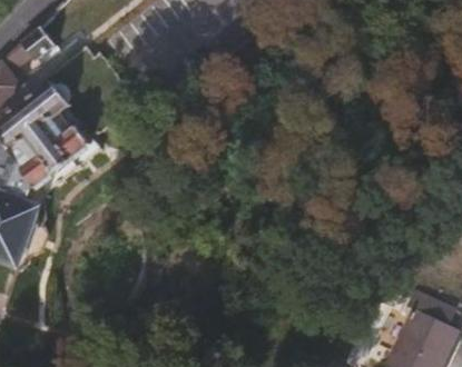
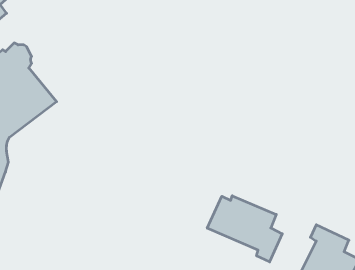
building: none -> [207,196,282,262]

